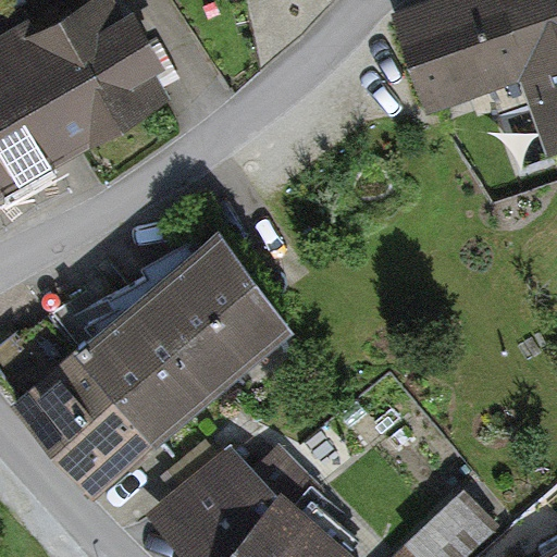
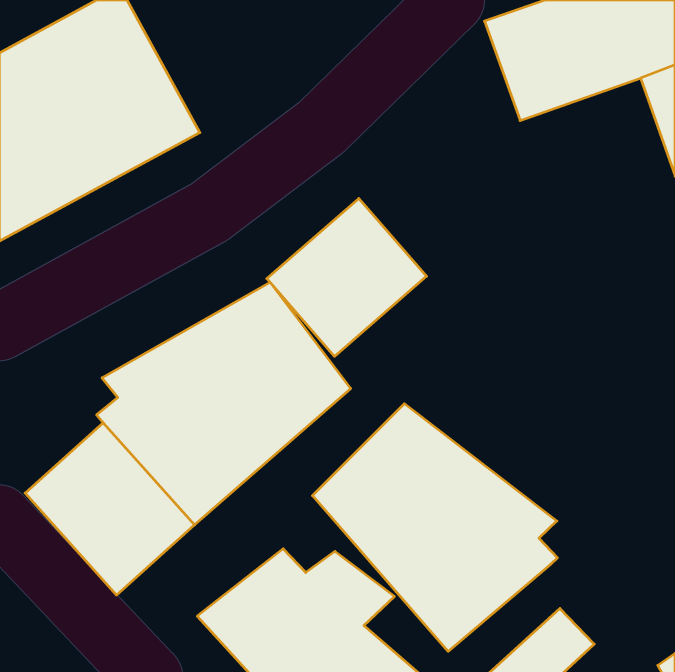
building: none -> [267,198,427,356]
building: none -> [312,404,557,651]

